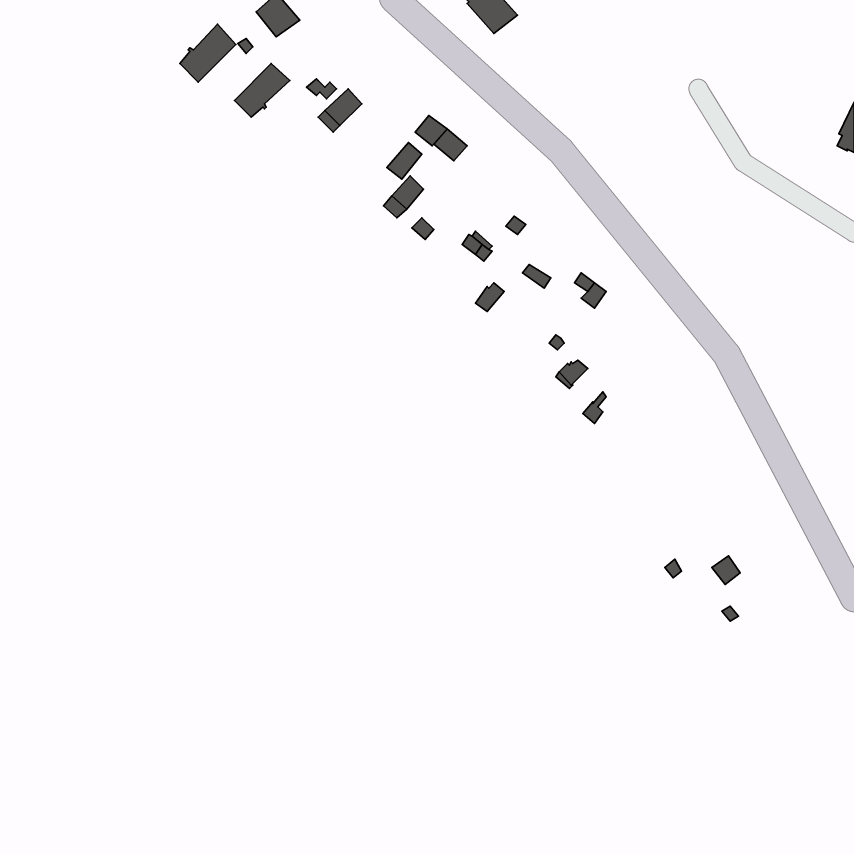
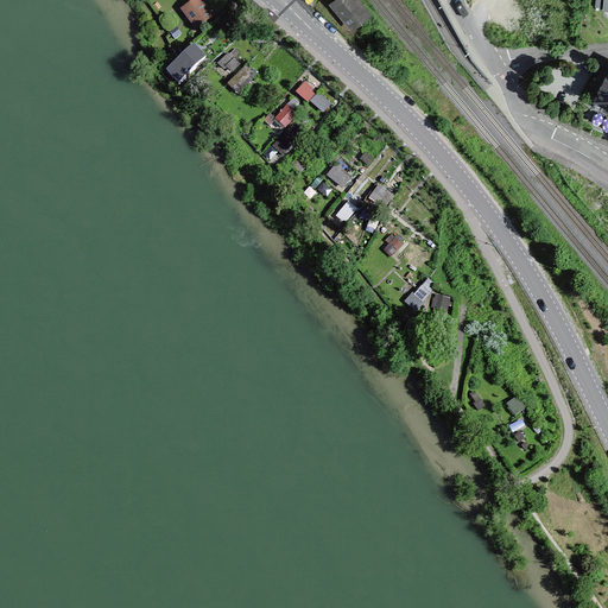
building: [180,24,236,82] -> none

